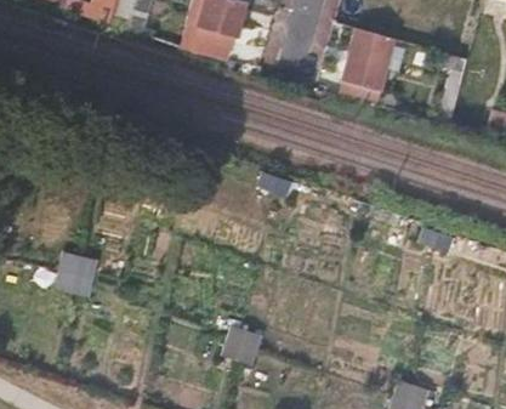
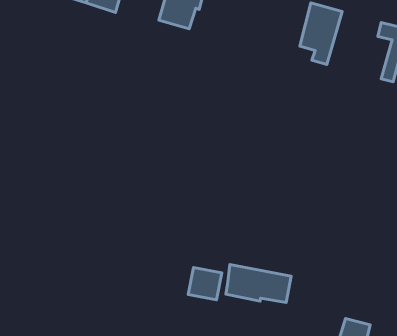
building: [53,248,98,295] -> none
building: none -> [226,264,291,303]

